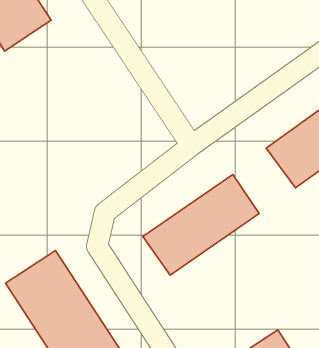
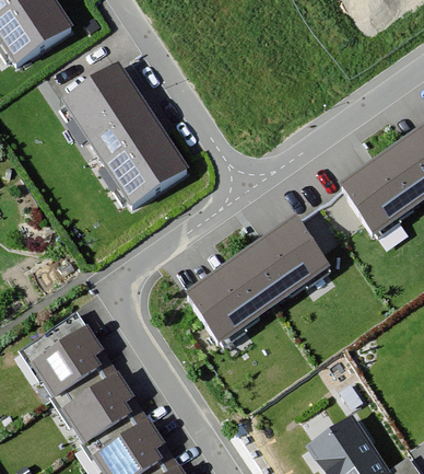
building: none -> [62,60,191,206]

